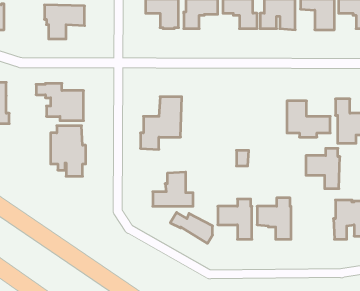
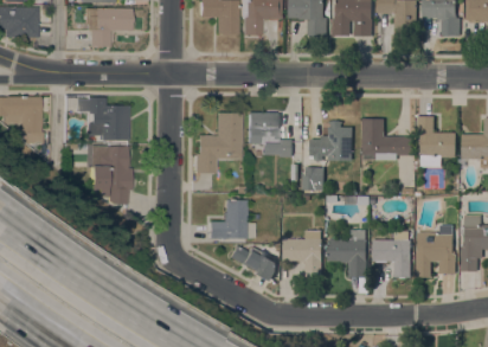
building: none -> [248,113,293,156]
building: none -> [310,121,353,160]
building: [306,148,340,189] -> [373,230,412,276]

